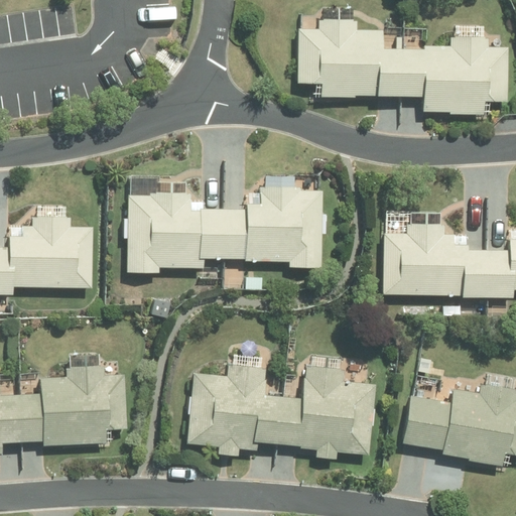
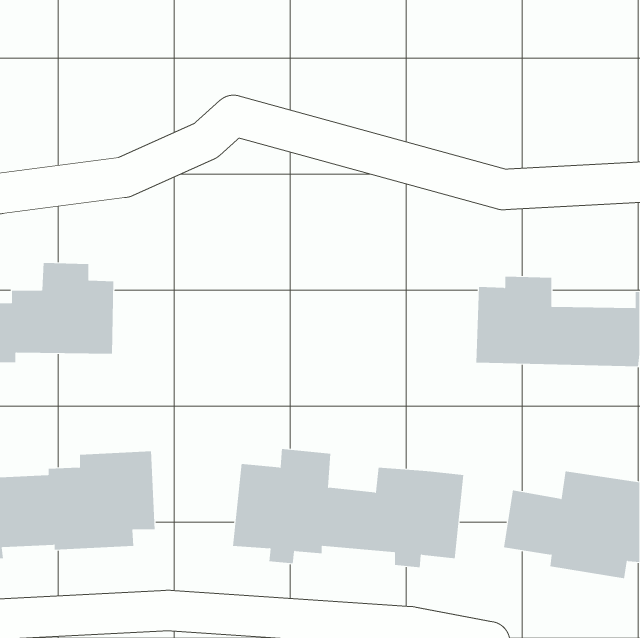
building: [297,29,509,114] -> none
building: [128,186,320,271] -> none

